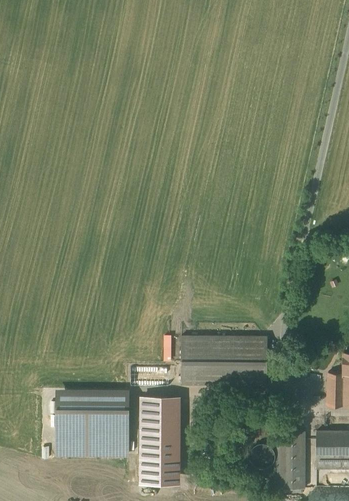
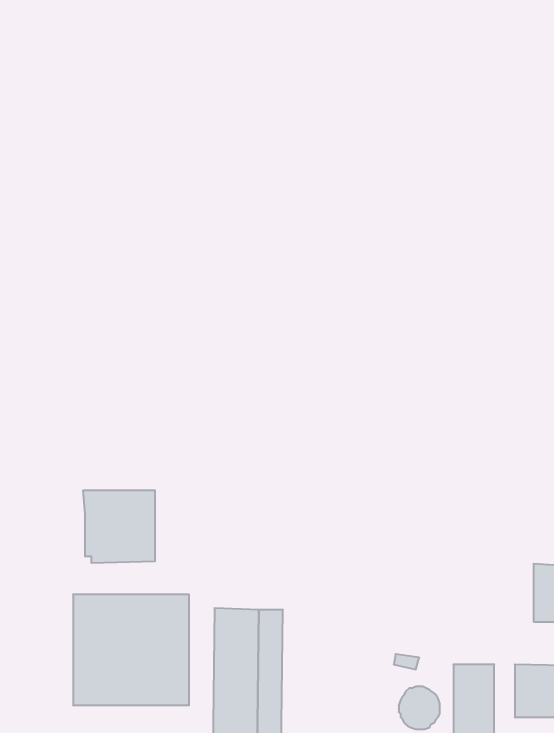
building: none -> [83,490,155,563]
building: [184,337,266,385] -> none

